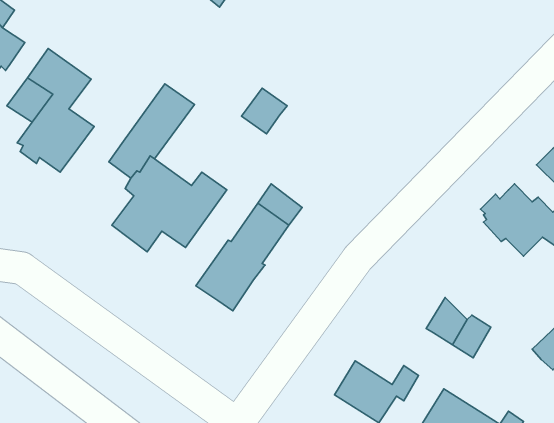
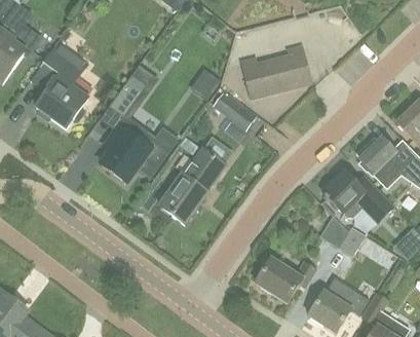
building: none -> [241,45,310,98]
building: none -> [213,92,257,132]
building: none -> [318,172,393,221]

